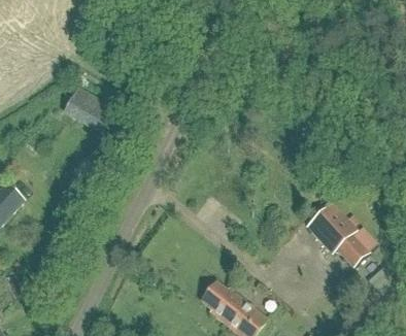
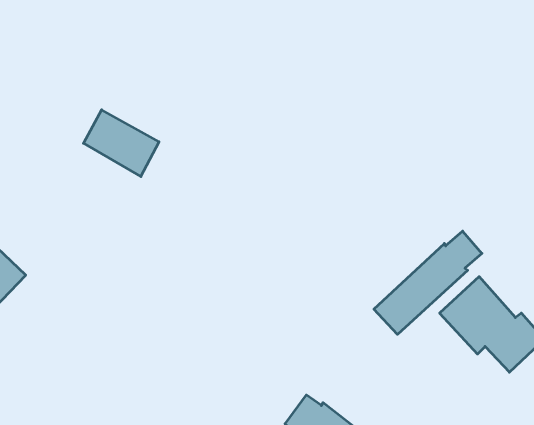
building: none -> [374,231,482,334]

